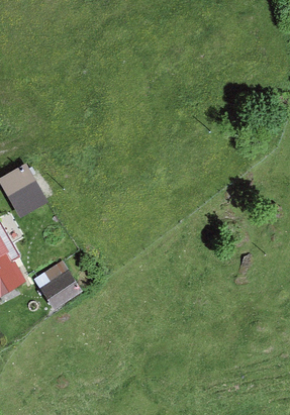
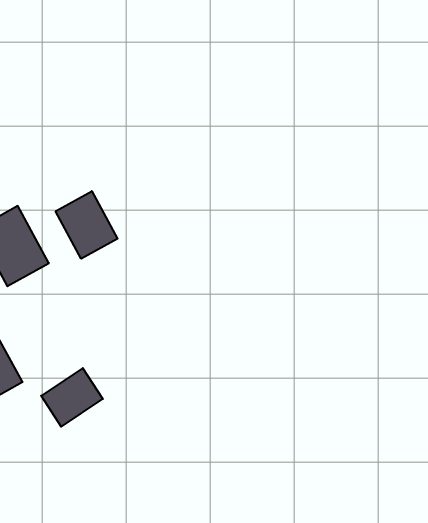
building: none -> [56,191,118,259]

